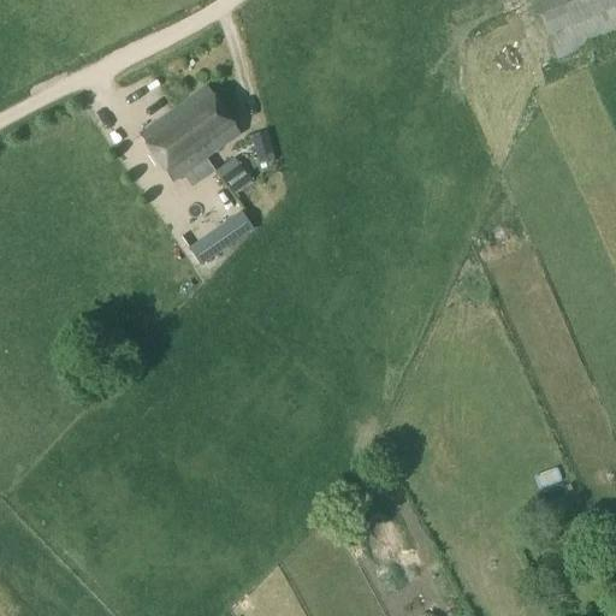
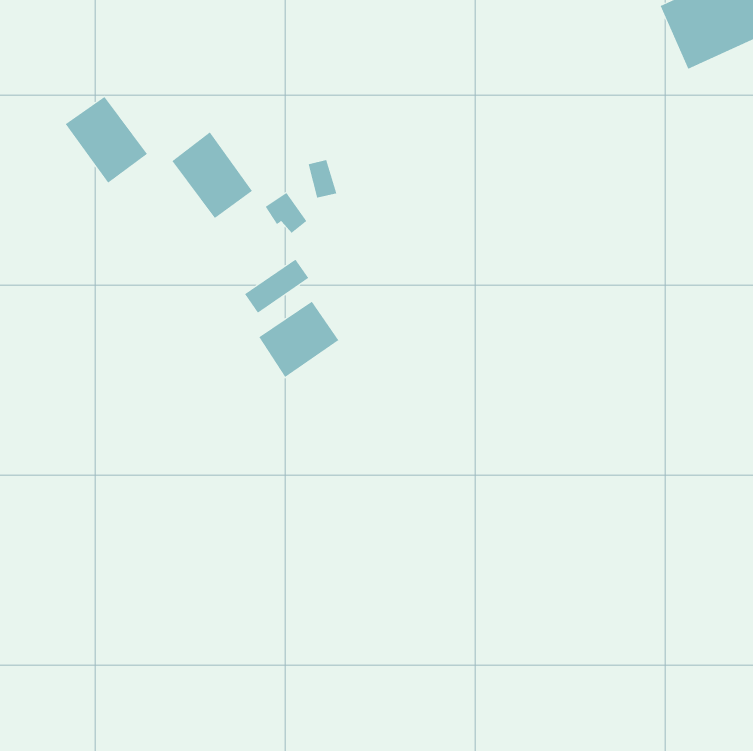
building: [173,84,241,155] -> [65,96,148,183]
building: none -> [258,301,339,378]

